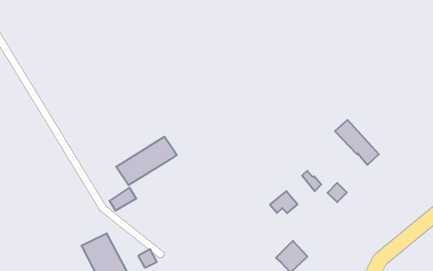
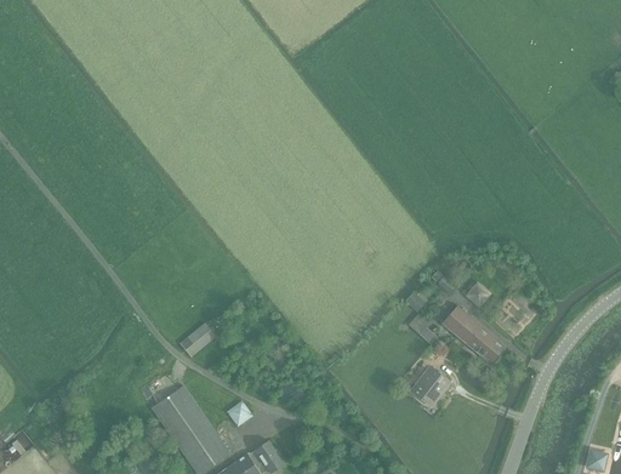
building: [335,120,379,165] -> [441,305,503,361]
building: [116,137,177,185] -> none

